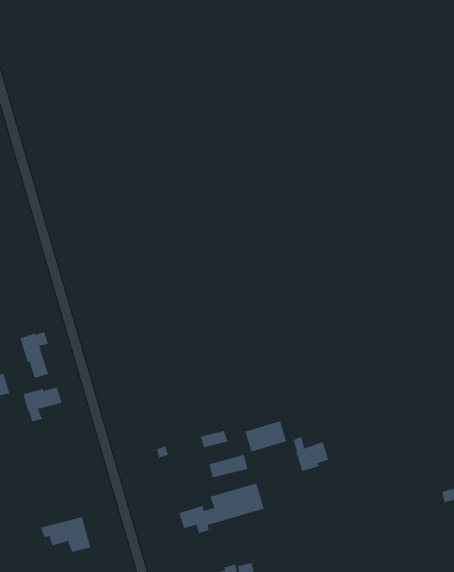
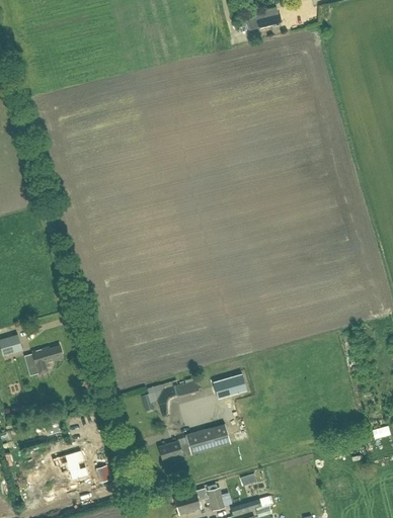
building: [20,331,49,379] -> none
building: [293,436,329,472] -> none

